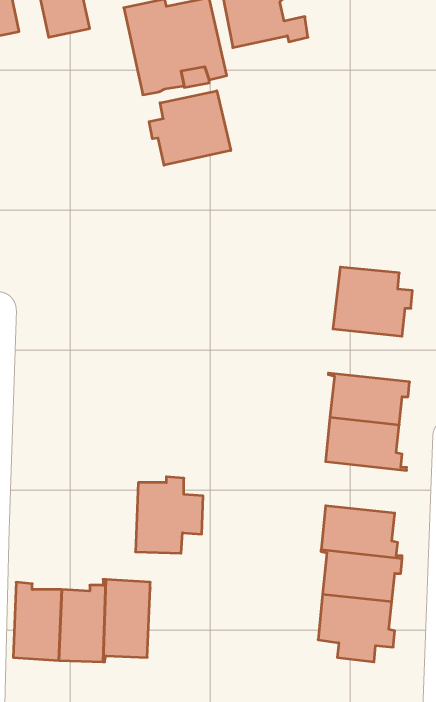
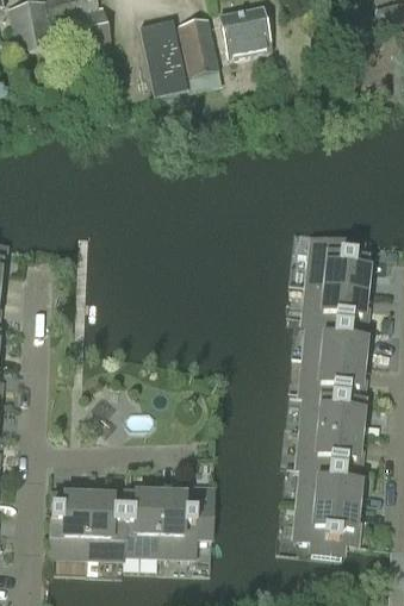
building: [149,91,231,165] -> none
building: none -> [303,285,368,327]
building: none -> [300,392,366,433]
building: [135,477,203,553] -> [156,489,211,551]

